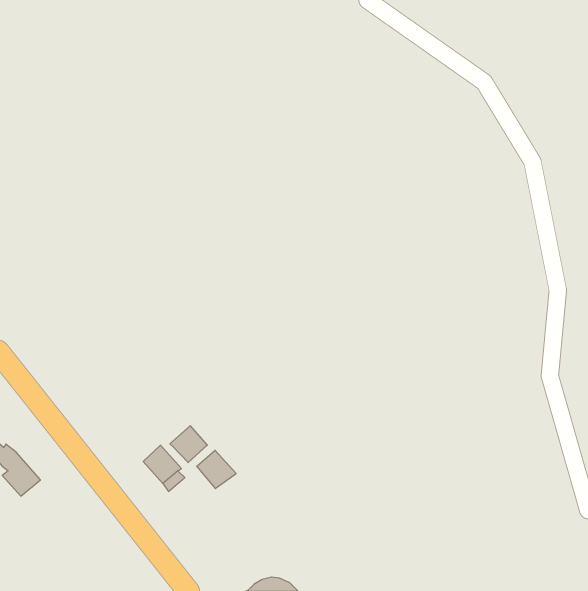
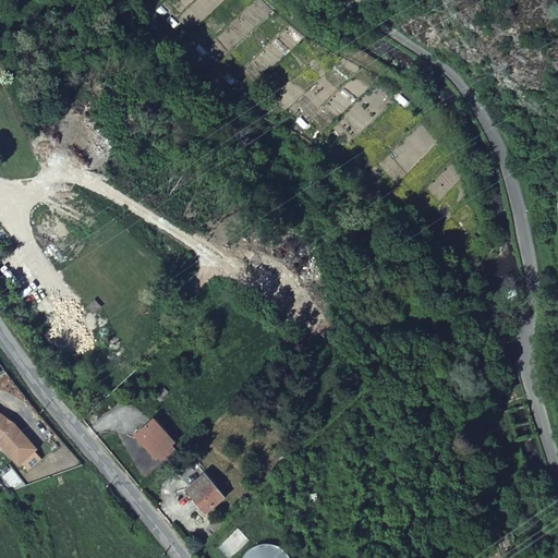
building: [170,426,207,463] -> none
building: [197,450,236,489] -> [187,477,225,513]

